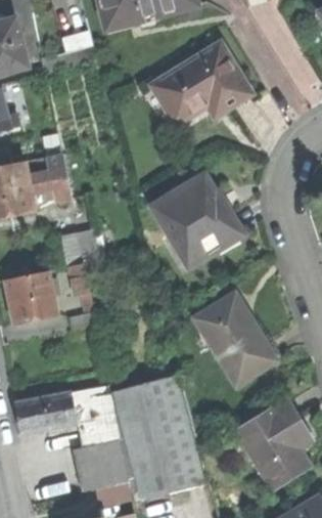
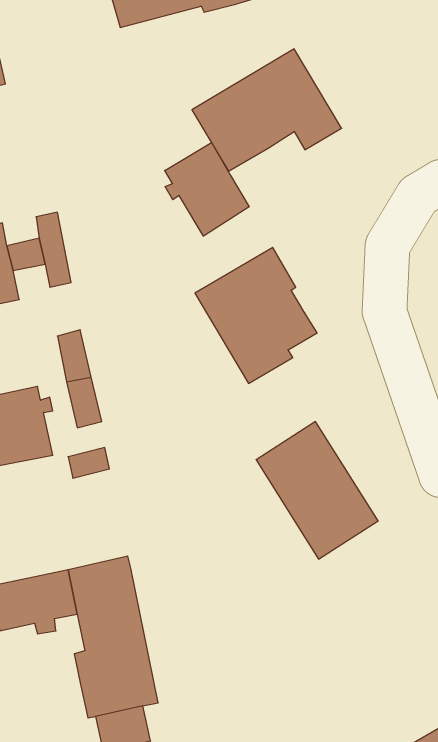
building: none -> [165,143,249,236]
building: [110,377,200,501] -> none
building: [237,400,310,489] -> none

